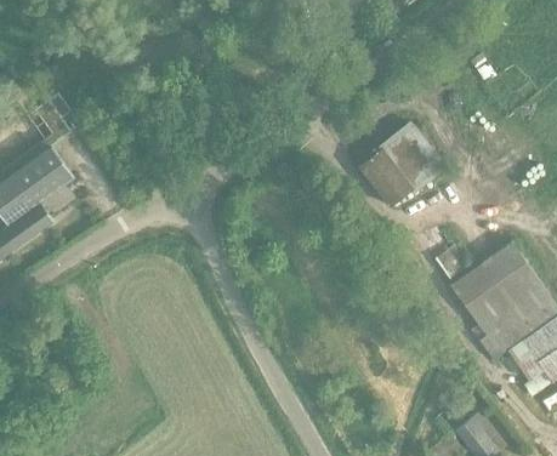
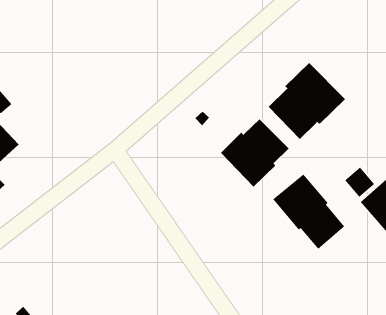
building: none -> [220,118,290,188]
building: none -> [272,174,345,250]

